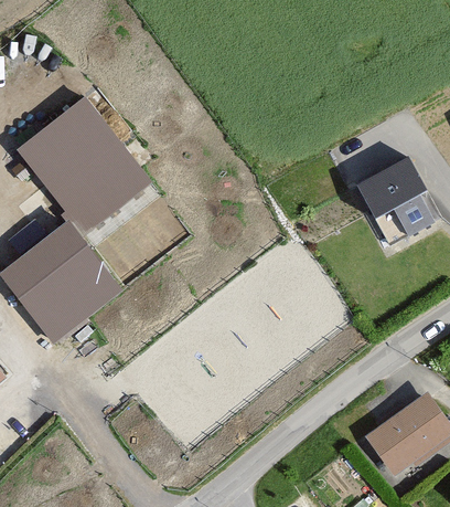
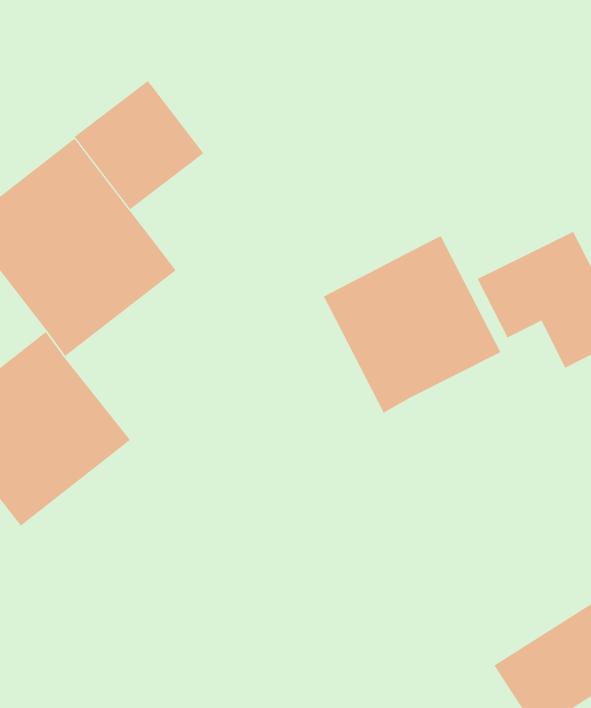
building: none -> [74,80,204,210]
building: none -> [323,235,501,413]

